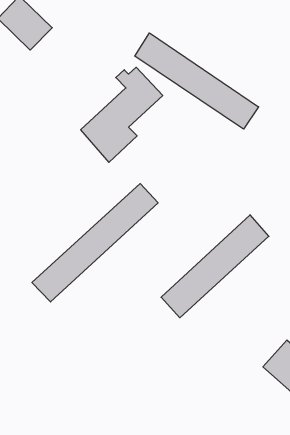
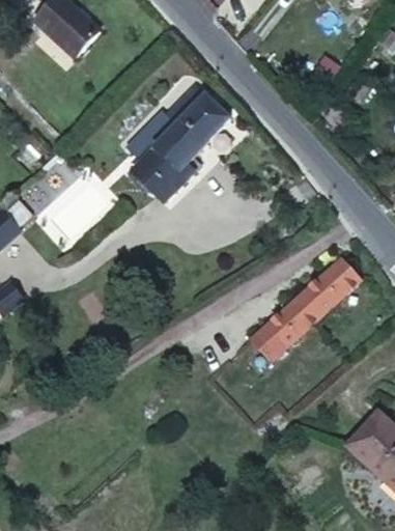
building: [135,33,259,129] -> none
building: [32,184,158,302] -> none

